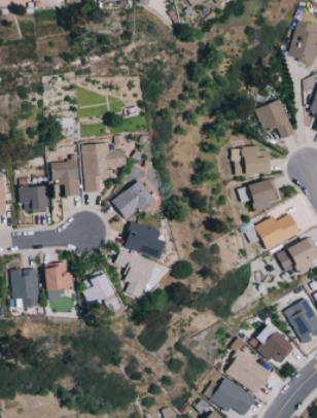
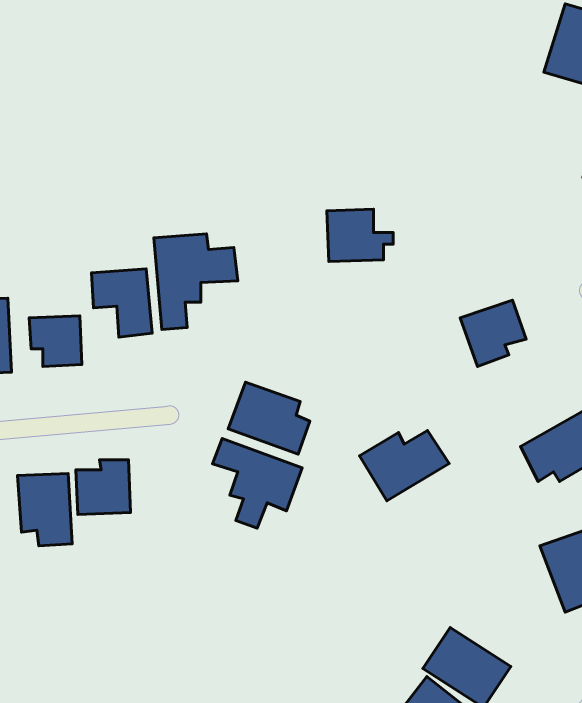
building: [256,98,295,138] -> none
building: [234,146,269,174] -> [327,209,393,262]
building: [111,180,154,221] -> none
building: [254,214,302,251] -> [359,431,449,501]
building: [79,272,111,304] -> none
building: [250,324,296,364] -> none

